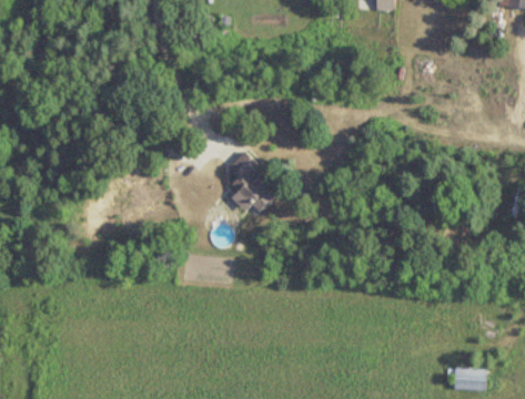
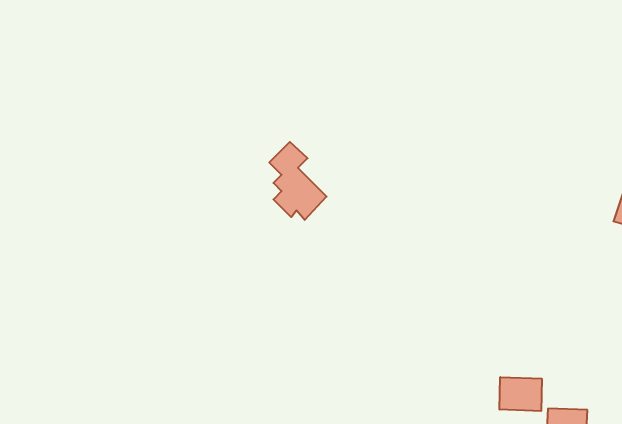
building: none -> [500,377,542,411]

